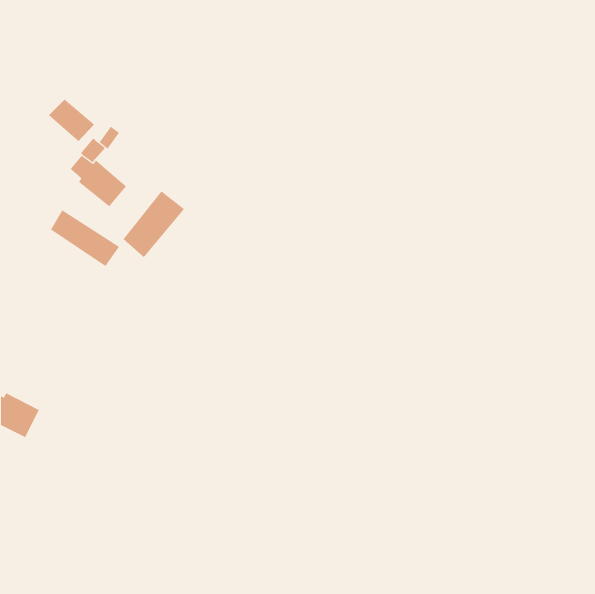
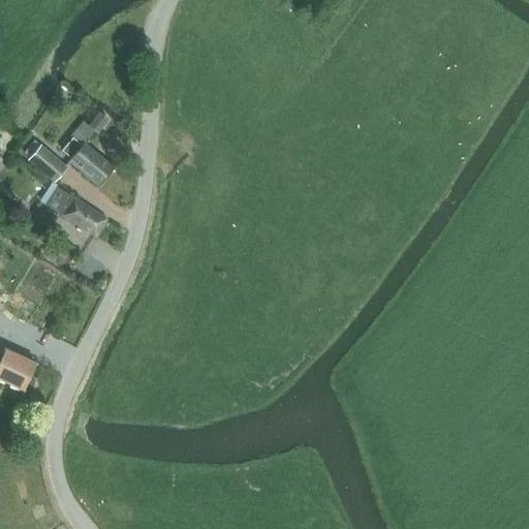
building: [48,99,95,142] -> [27,144,68,182]
building: [123,190,185,258] -> none

